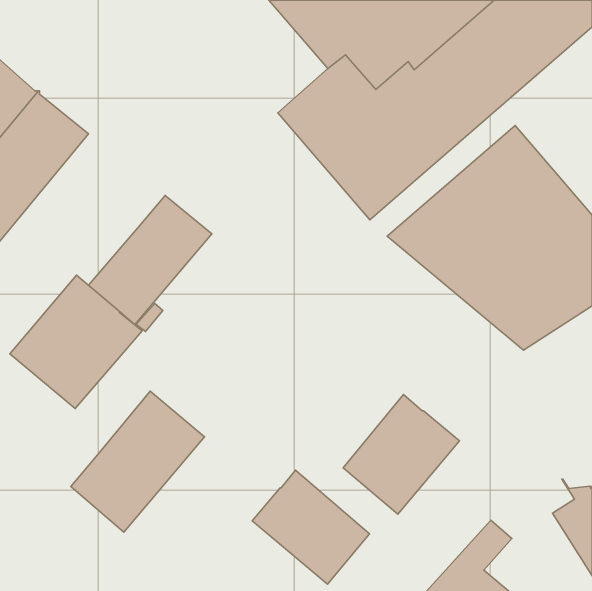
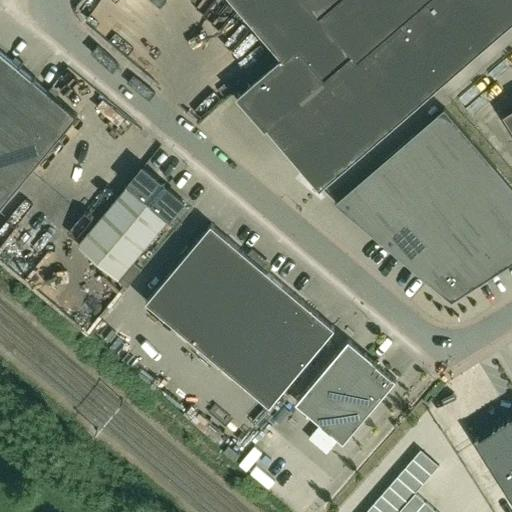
building: none -> [145,227,333,409]
building: [10,275,142,408] -> none
building: [71,391,205,532] -> none
building: [252,470,370,584] -> none

